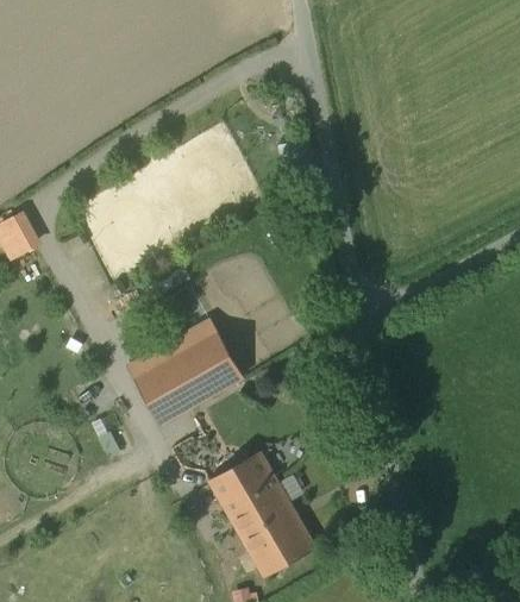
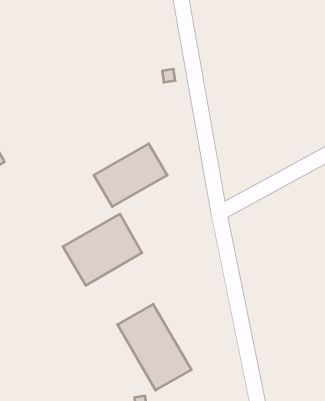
building: none -> [94,144,167,207]

